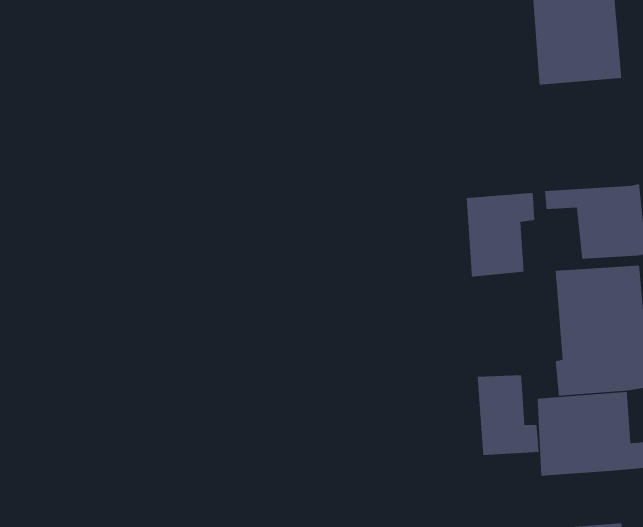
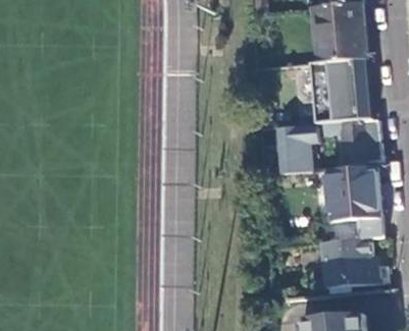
building: none -> [308,59,369,124]
building: [477,375,539,456] -> none

